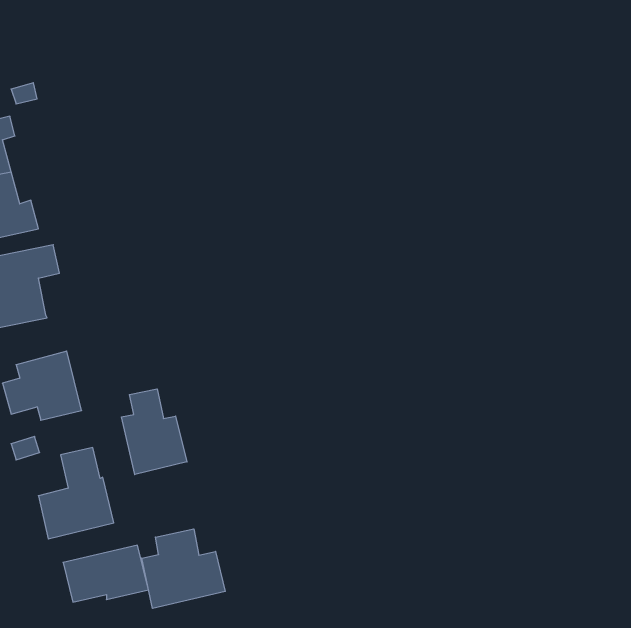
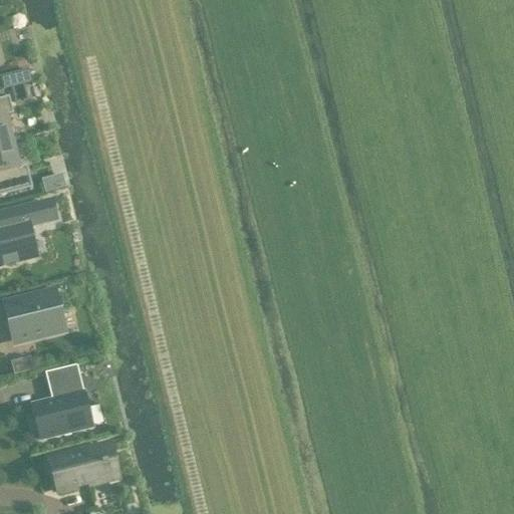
building: [122,389,187,475] -> none
building: [142,529,225,608] -> none

